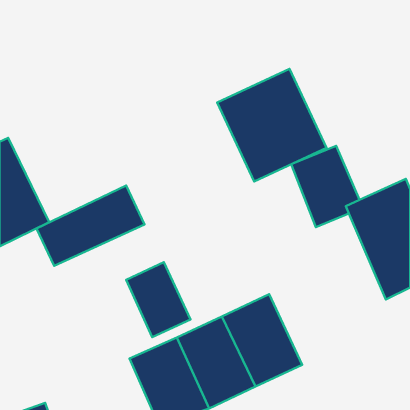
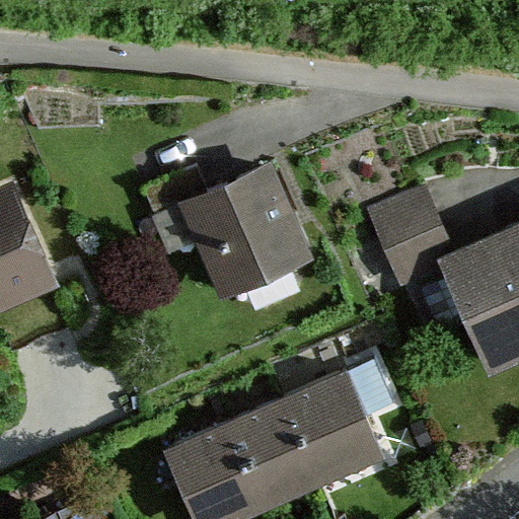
building: [217,69,326,182] -> [182,154,320,296]
building: [36,186,144,266] -> none
building: [126,262,190,337] -> none

